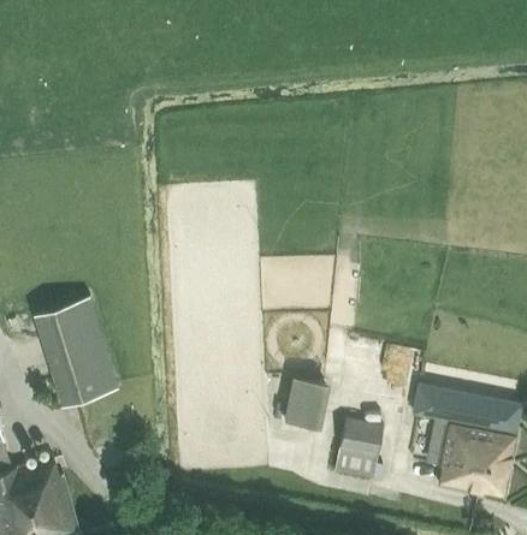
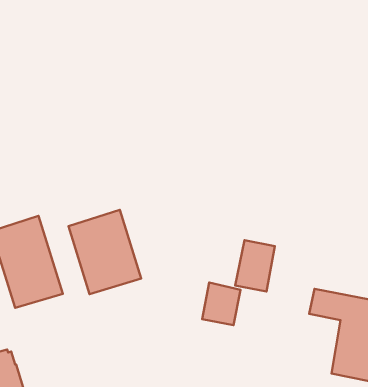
building: none -> [69,210,141,294]
building: [334,417,381,478] -> [235,240,275,292]

